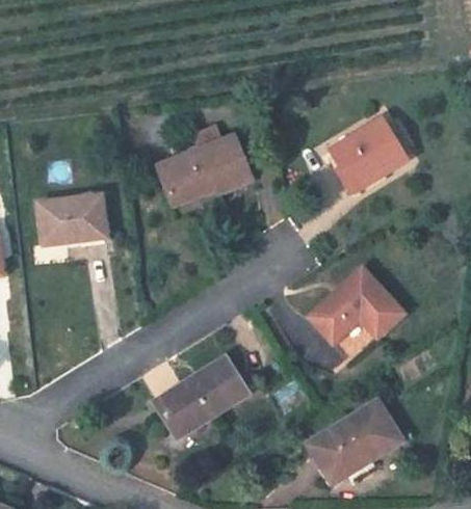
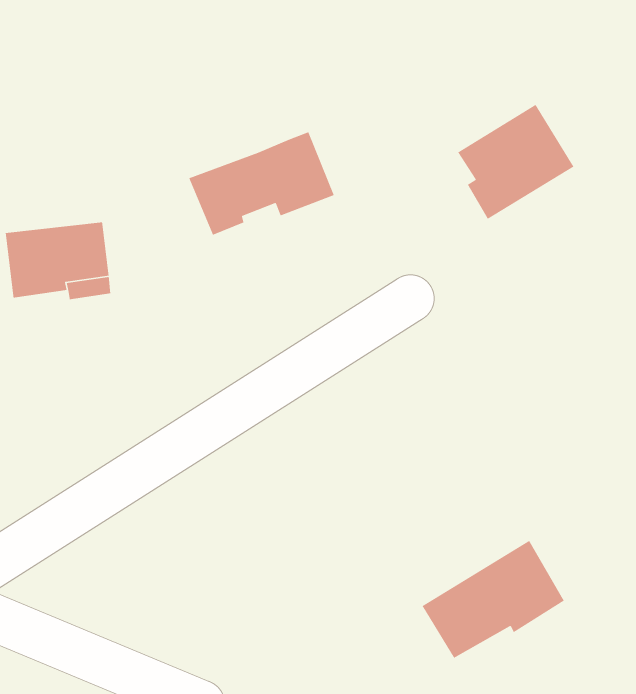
building: [310,267,403,360] -> none
building: [155,357,246,435] -> none

